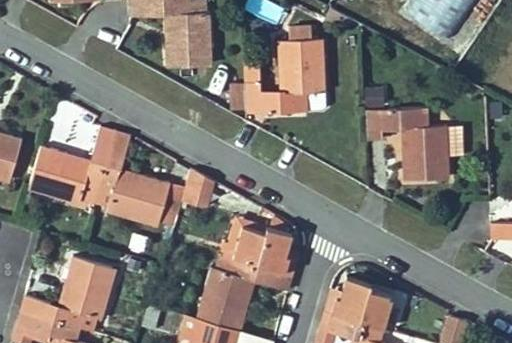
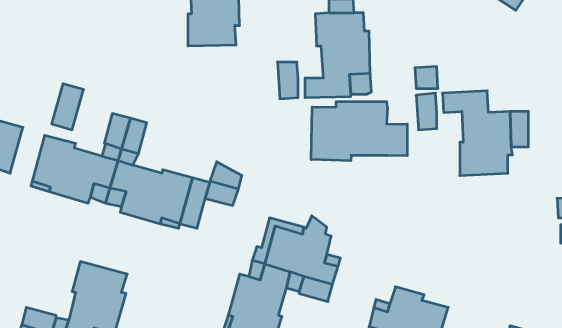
building: none -> [311,102,407,161]

